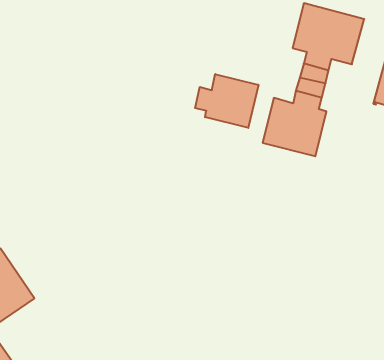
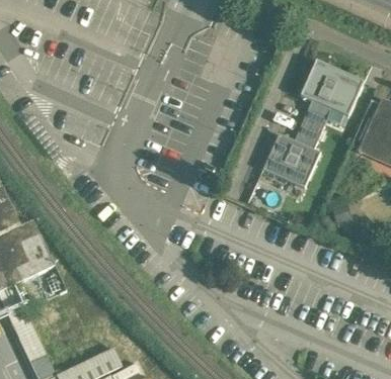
building: [195,74,258,128] -> none

